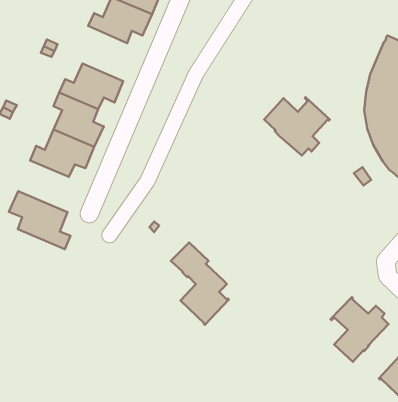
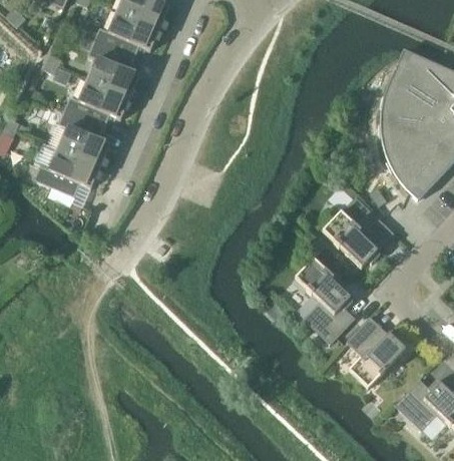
building: none -> [87,40,139,97]
building: [264,97,330,155] -> [322,206,390,267]
building: [9,191,71,249] -> none
building: [171,242,229,325] -> [294,258,354,343]

